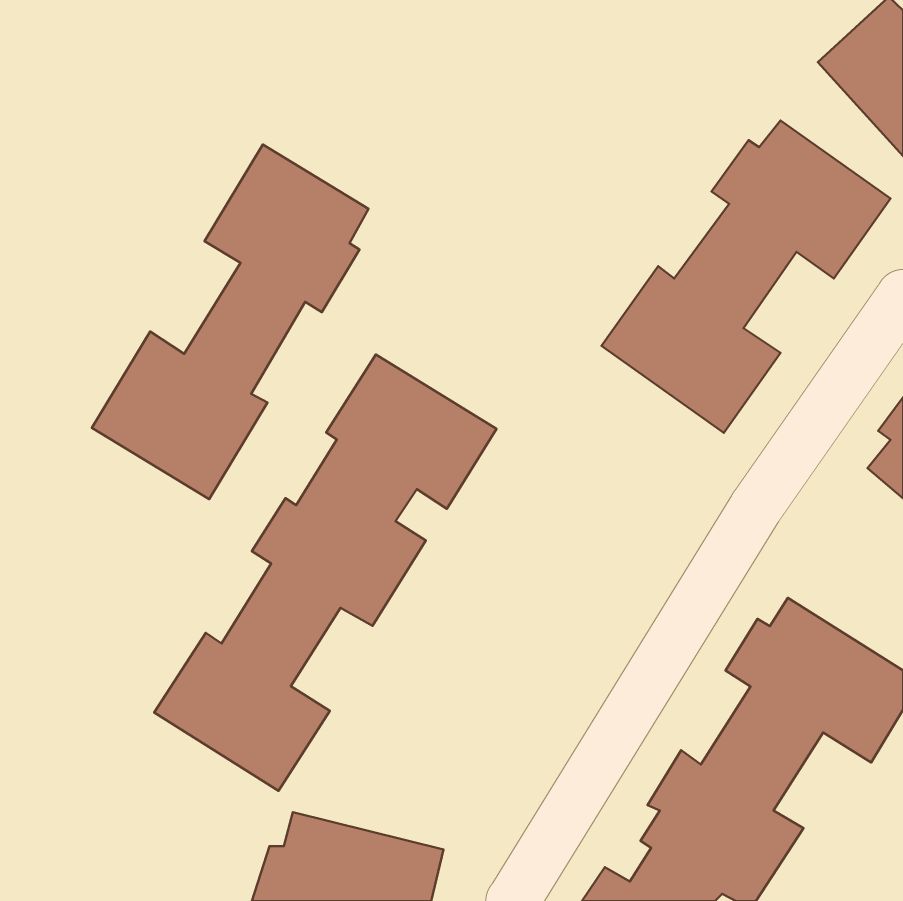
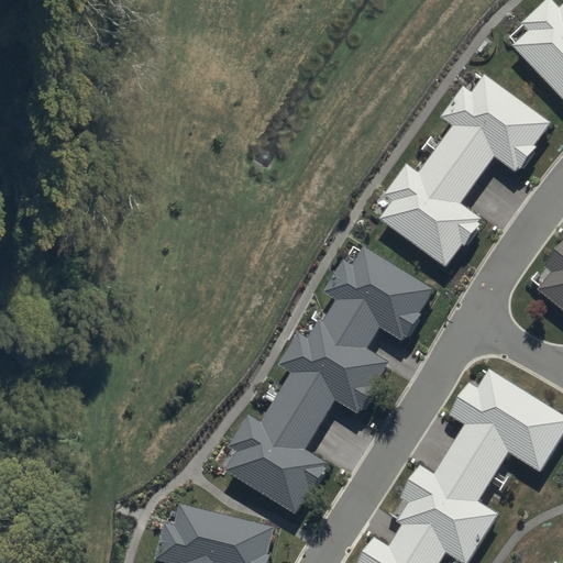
building: [92,145,368,499] -> none
building: [154,354,497,791] -> [220,244,432,515]

